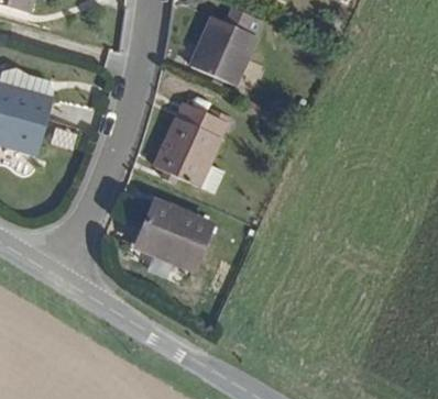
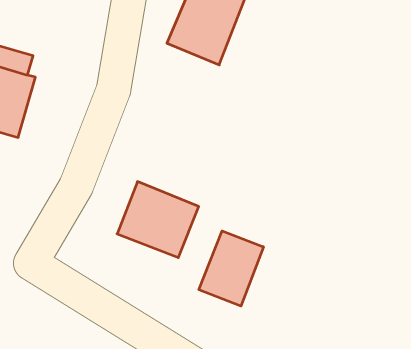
building: [151,101,217,189] -> none
building: none -> [199,231,263,306]

